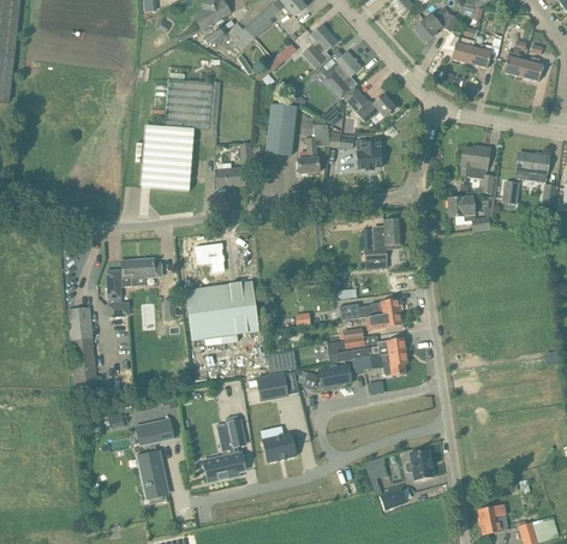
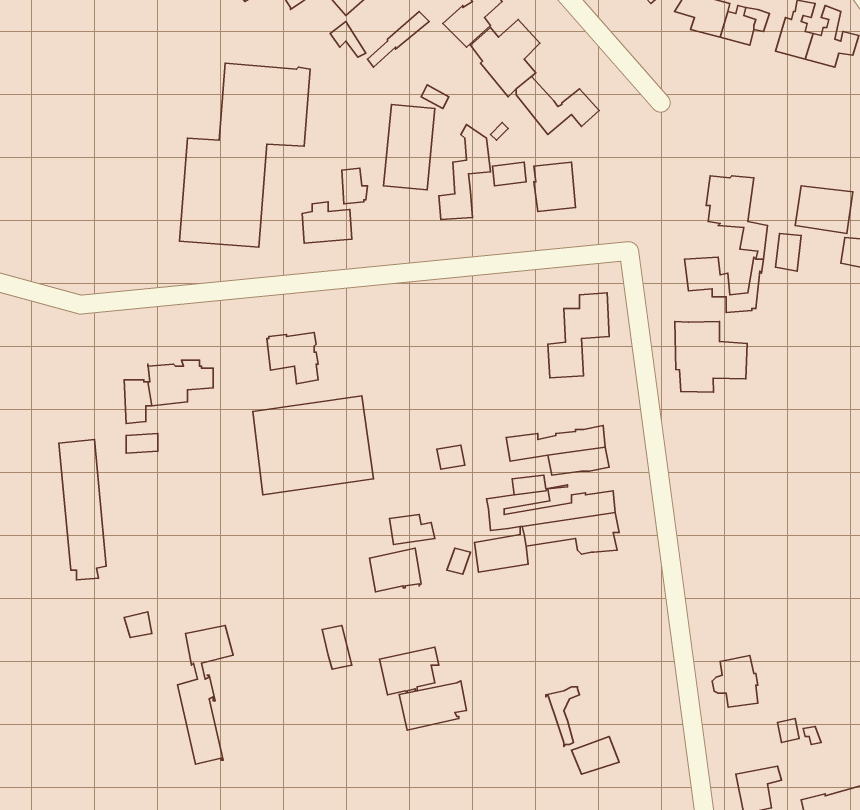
building: none -> [675,321,747,392]
building: [405,448,432,479] -> [712,656,758,707]
building: [203,452,244,482] -> [399,681,467,730]

